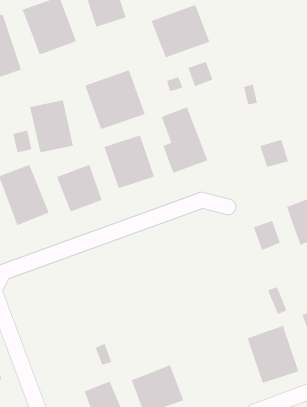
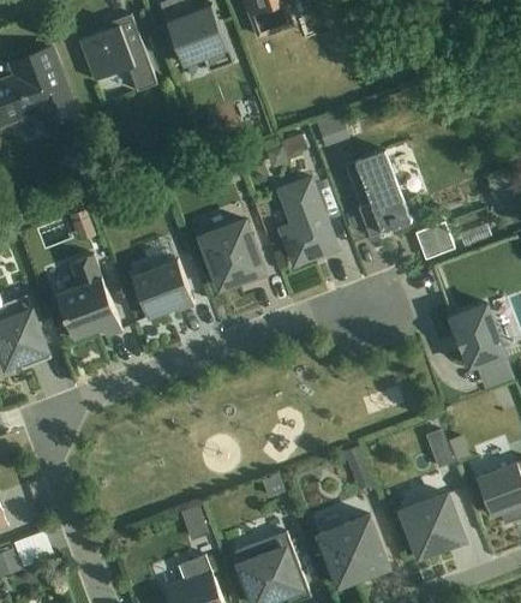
building: [151,4,210,58] -> none
building: [84,70,145,130] -> none
building: none -> [358,154,411,235]
building: [30,99,74,153] -> none
building: [253,220,280,251] -> none
building: none -> [310,496,389,586]

